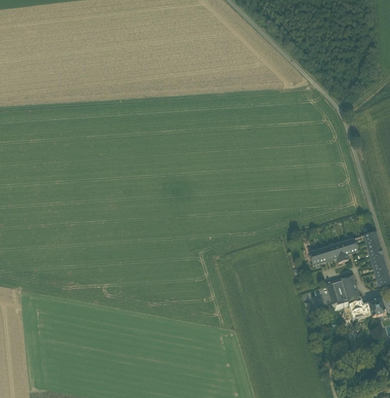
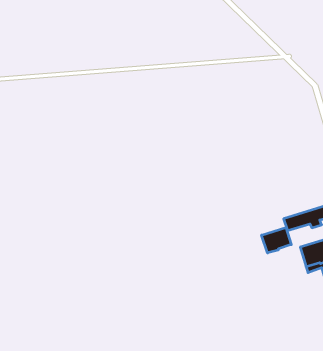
building: none -> [262,228,291,253]

